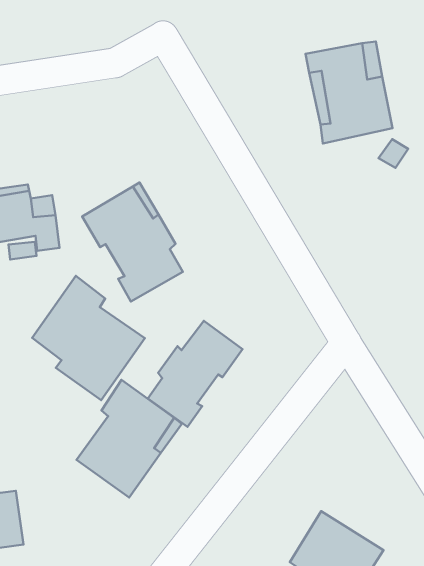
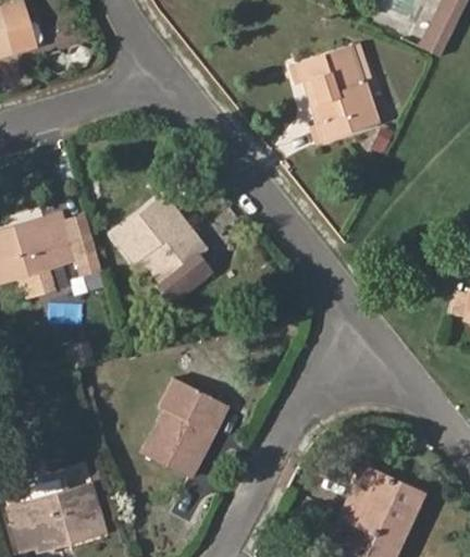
building: [32,276,145,400] -> none
building: [148,321,243,427] -> none

